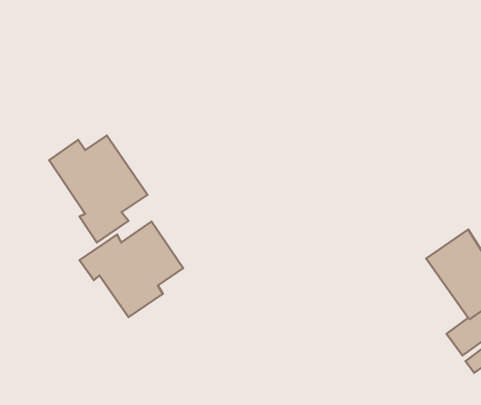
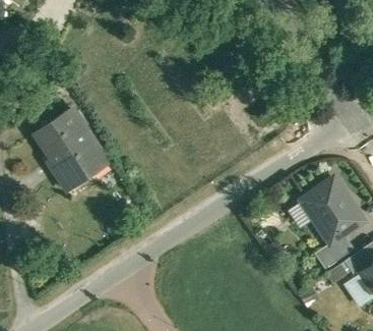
building: [80,222,183,317] -> none

